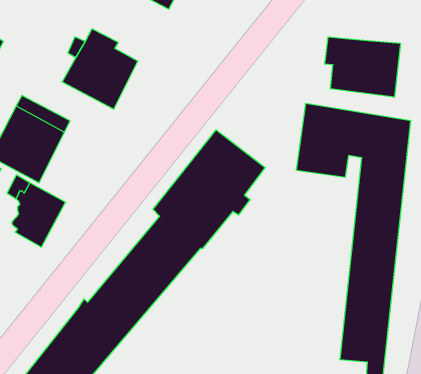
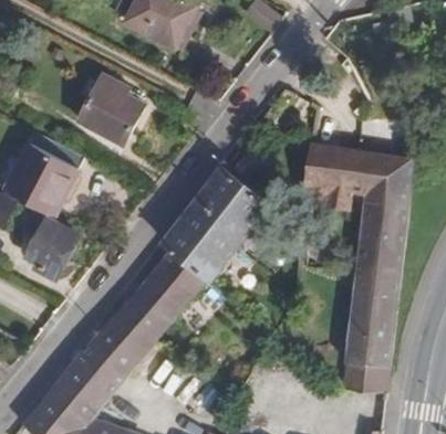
building: [325,37,400,97] -> none

